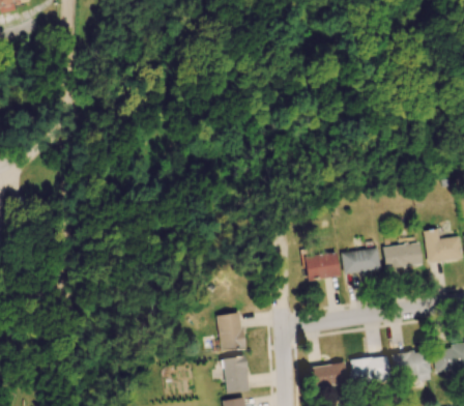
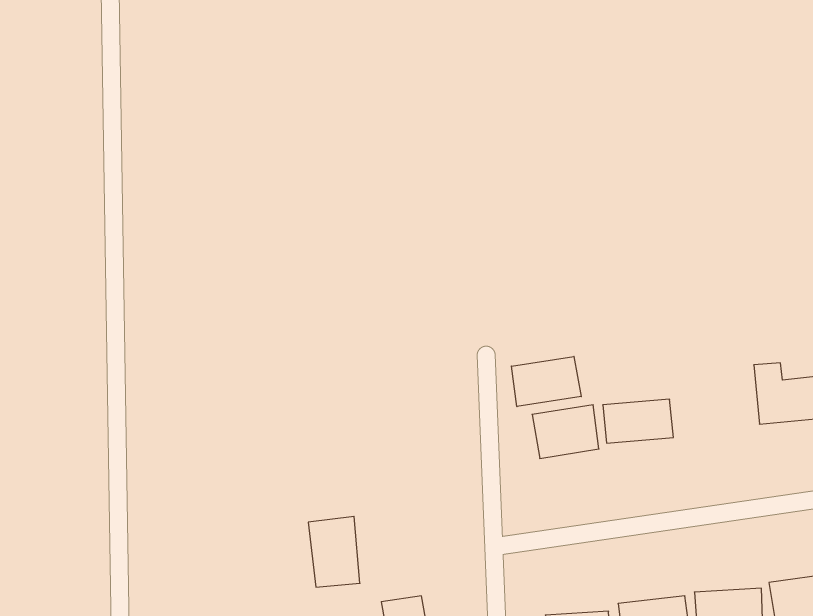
building: none -> [511,356,581,407]
building: [383,242,423,268] -> none
building: [218,312,245,350] -> [308,516,360,587]

